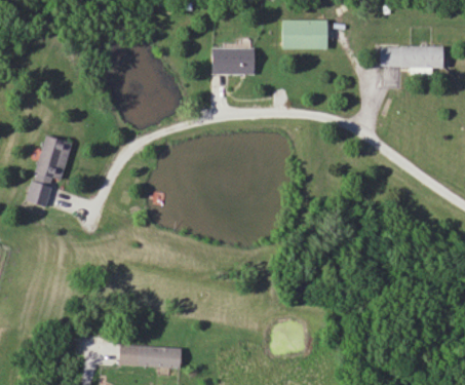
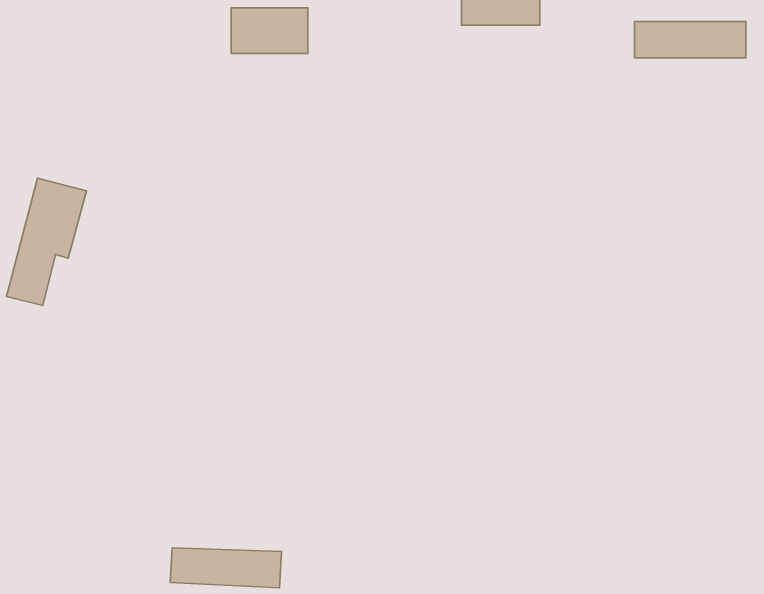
building: [211,48,255,74] -> [231,8,308,54]

